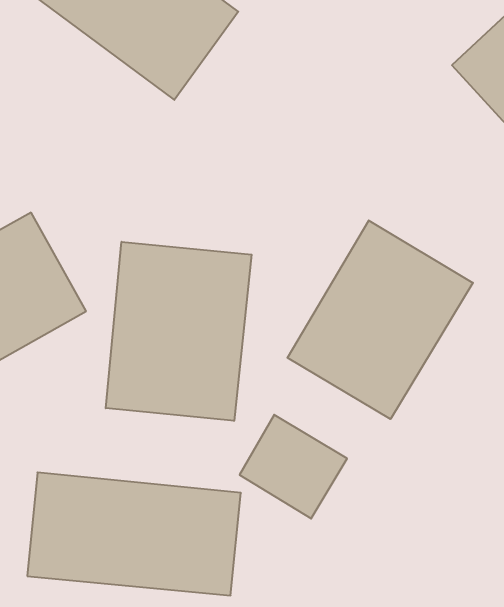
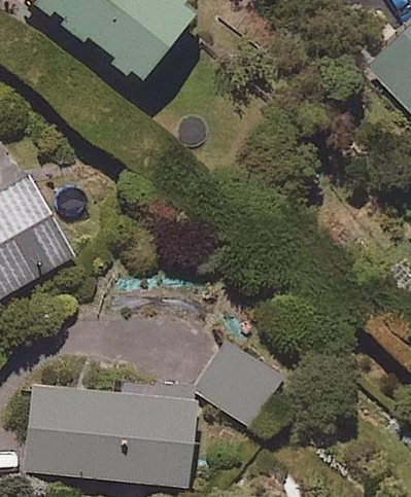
building: [287,220,473,419] -> none
building: [106,242,252,421] -> none

